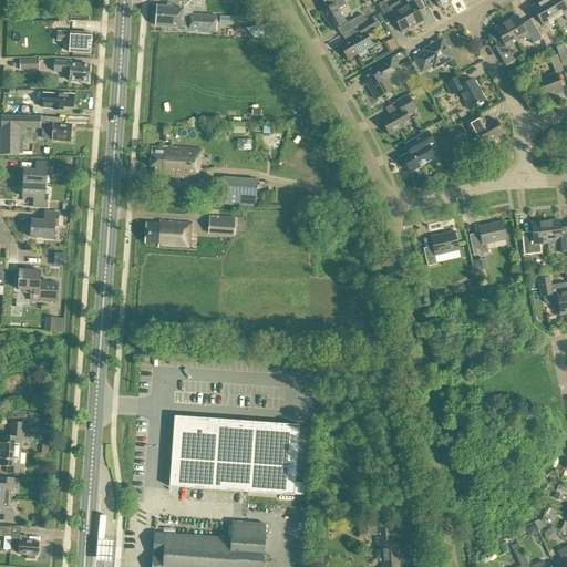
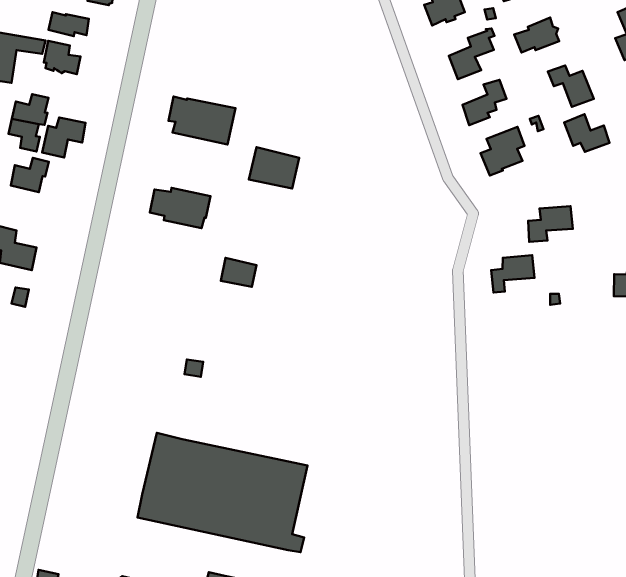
building: none -> [42,118,86,158]
building: [208,214,235,234] -> [221,258,256,287]
building: [470,220,506,254] -> [528,206,573,242]

